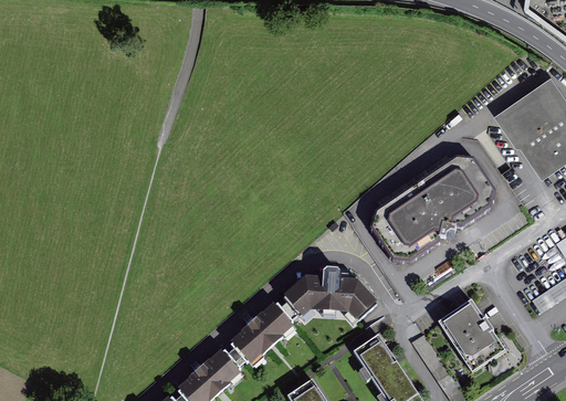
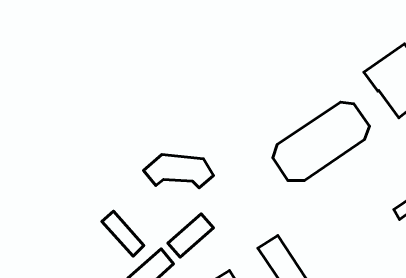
building: [286,272,379,316] -> [143,155,213,188]
building: [438,297,505,370] -> none
building: none -> [102,211,144,256]

